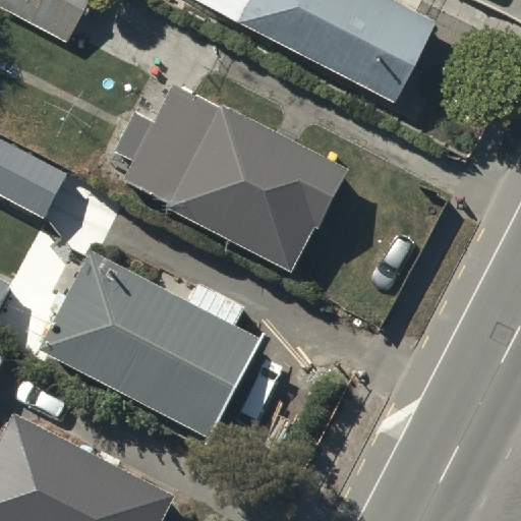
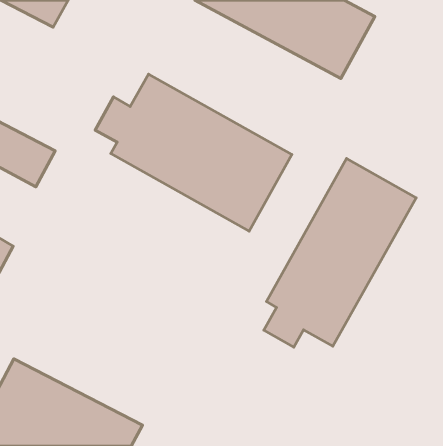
building: none -> [264,158,416,347]
building: [46,257,258,436] -> none

